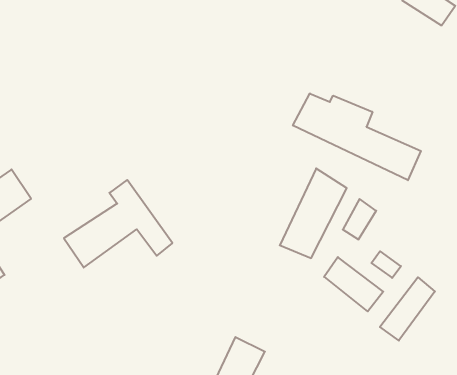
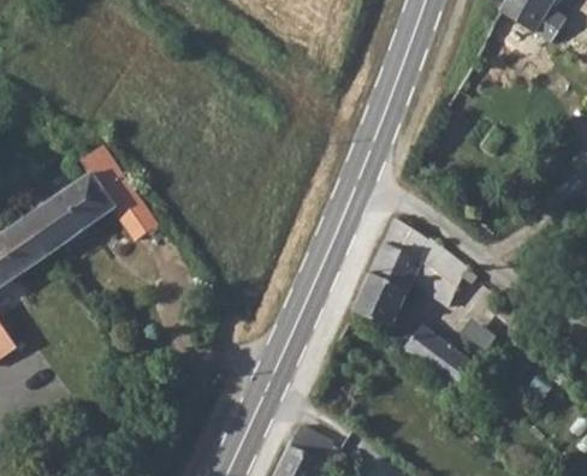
building: [293,93,421,180] -> none
building: [64,180,172,268] -> [24,147,156,254]
building: [380,277,435,341] -> none

